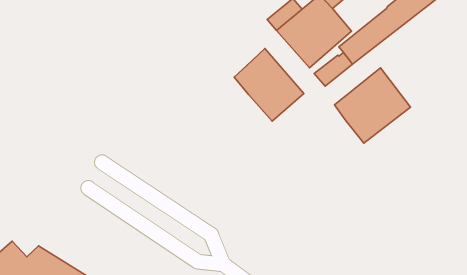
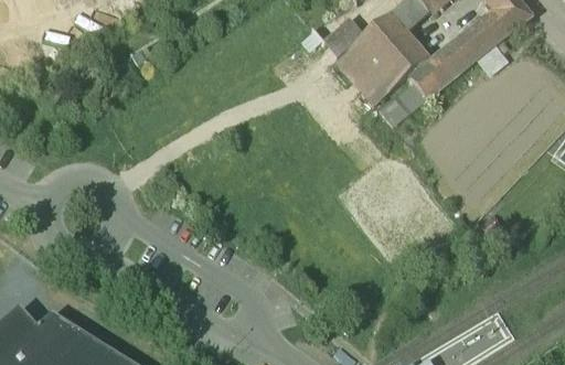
building: [234,48,304,121] -> none
building: [334,68,411,143] -> none

